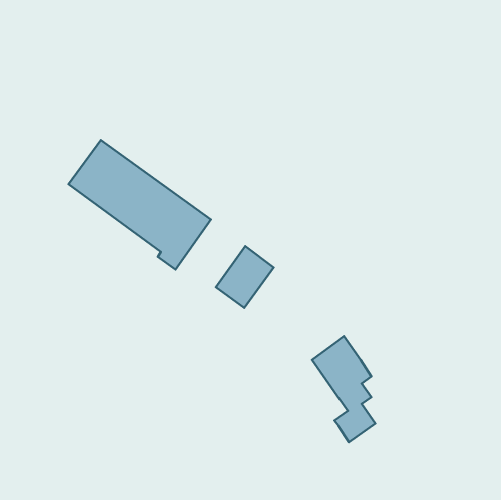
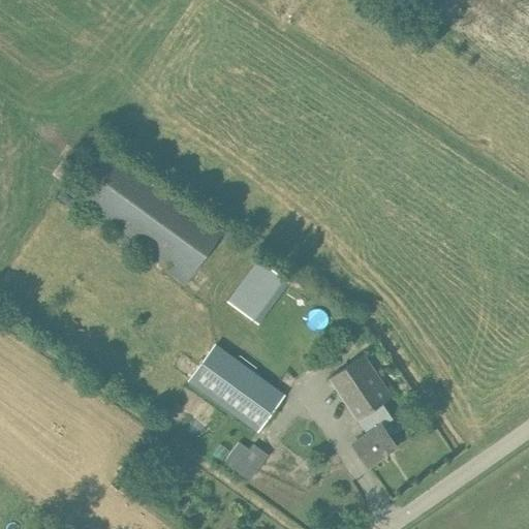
building: none -> [189,343,286,432]
building: none -> [224,442,268,480]

